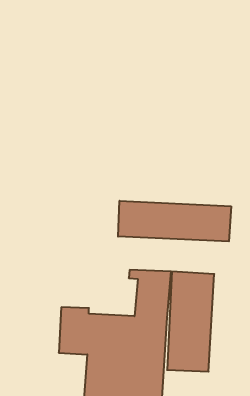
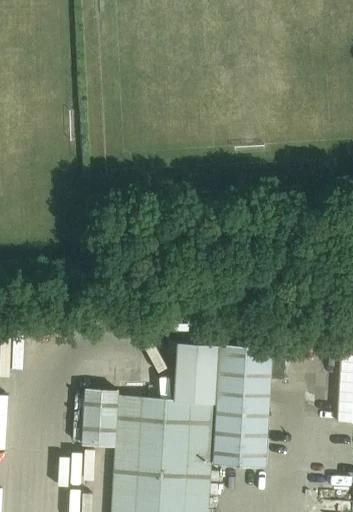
building: [118,201,231,241] -> none

